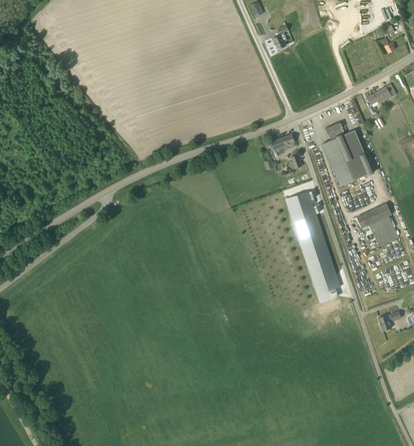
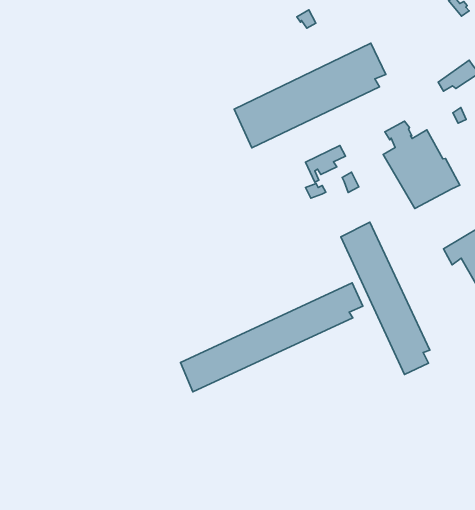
building: none -> [234,43,386,148]
building: none -> [181,283,363,392]

